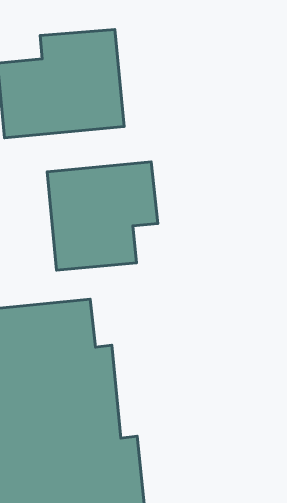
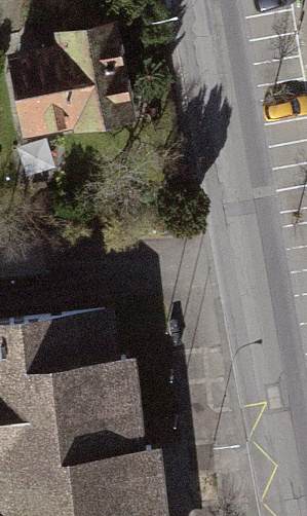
building: [47,162,158,270] -> none

